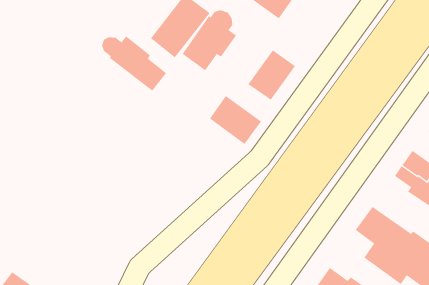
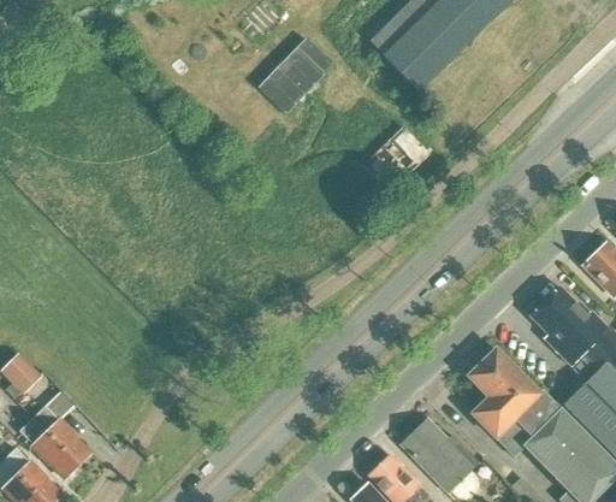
building: [182,10,237,71] -> none
building: [101,36,167,92] -> none
building: [209,95,262,145] -> none

